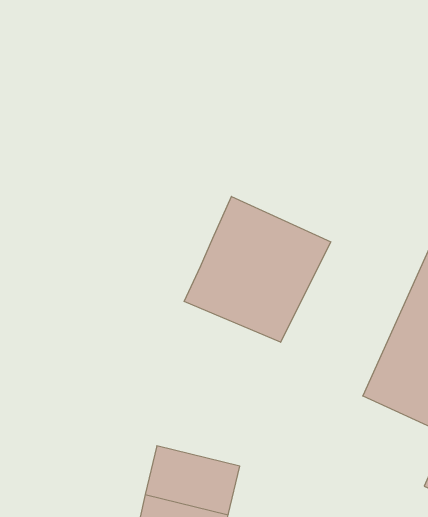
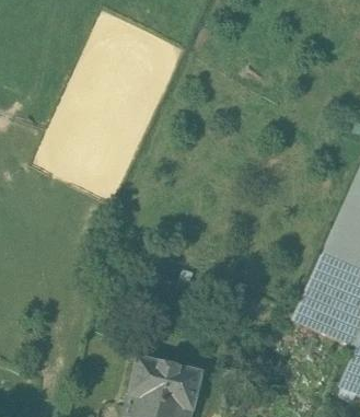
building: [184,196,331,342] -> none

